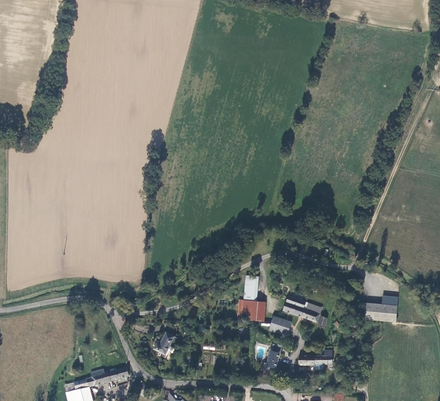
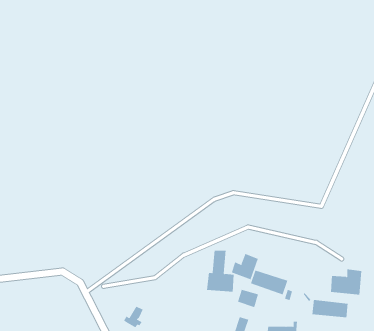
building: none -> [231,253,259,280]
building: none -> [312,299,348,318]

